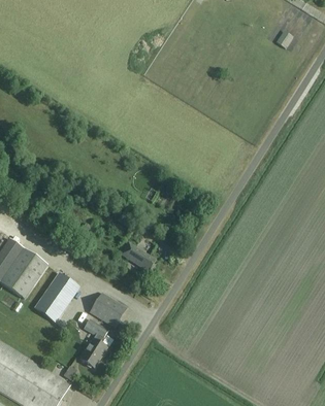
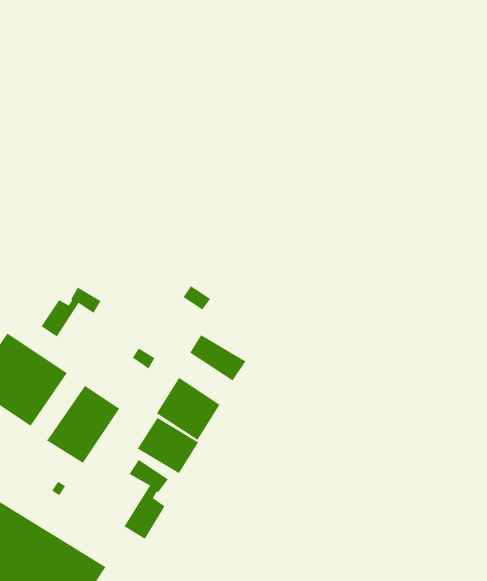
building: none -> [40,286,102,337]
building: none -> [156,377,221,441]

